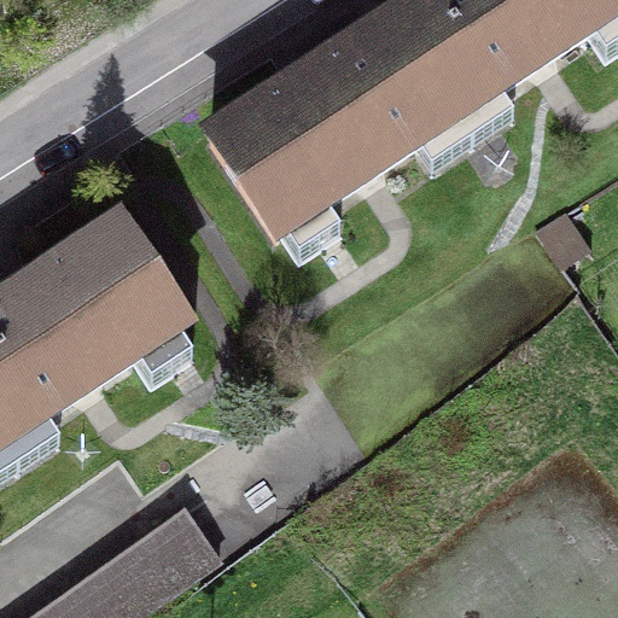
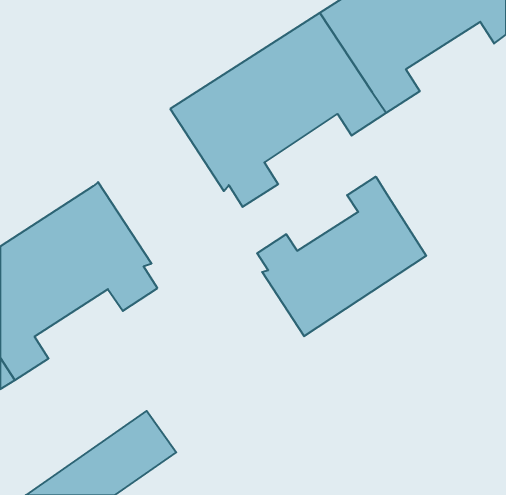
building: none -> [257,177,426,336]

